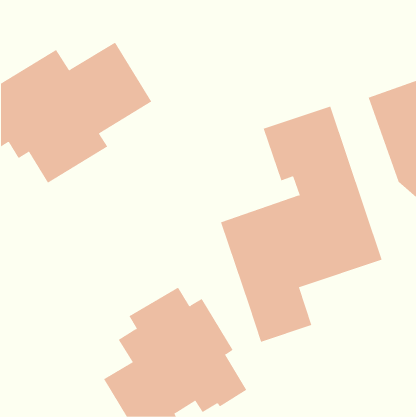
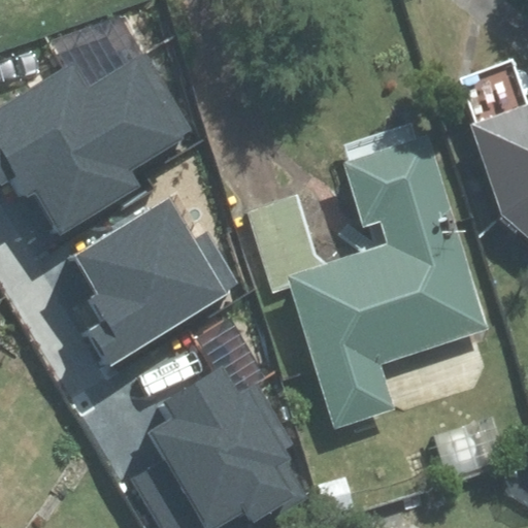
building: none -> [77,196,242,364]

